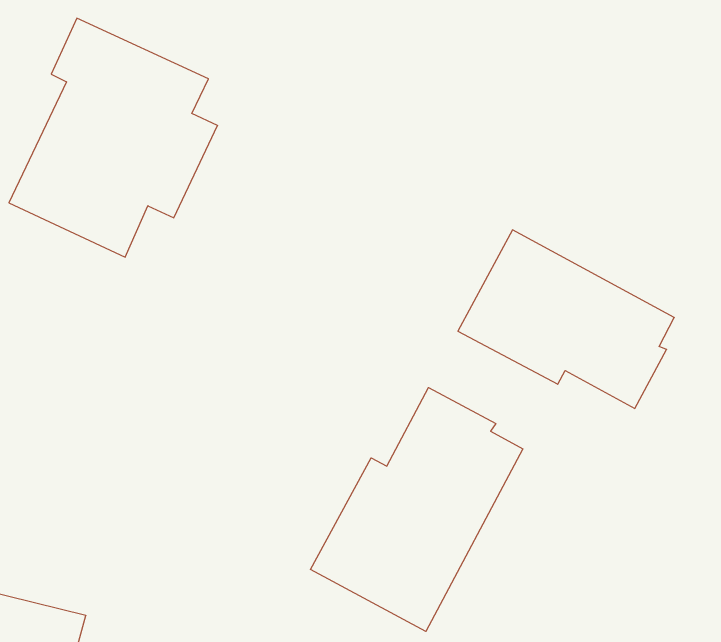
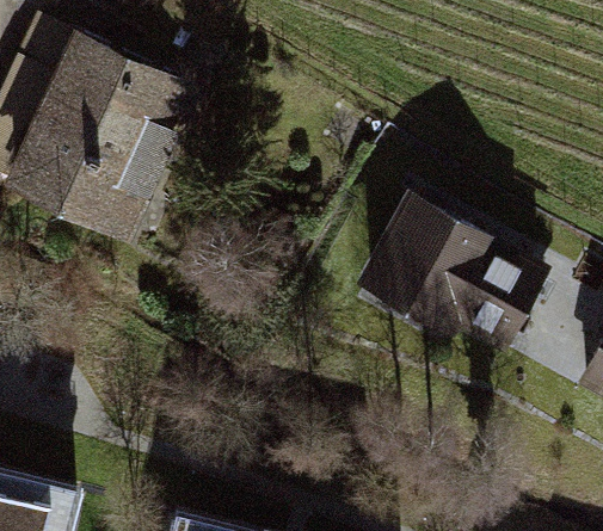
building: [310,388,523,631] -> none

